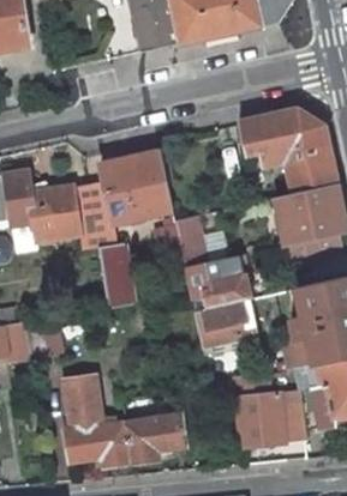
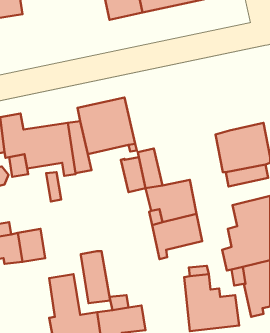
building: [238,109,336,193] -> none
building: [97,243,134,309] -> [81,251,110,303]

